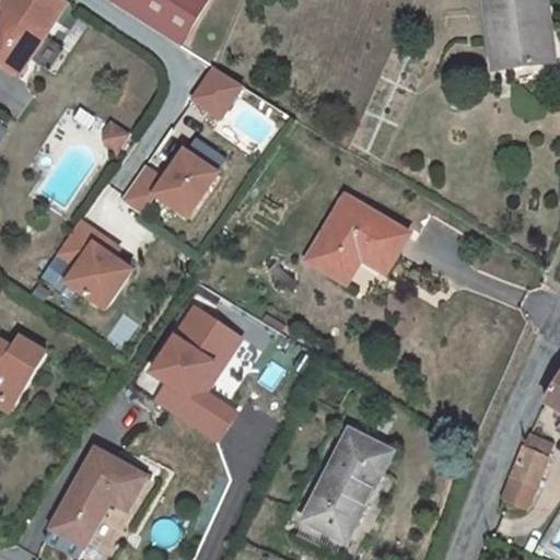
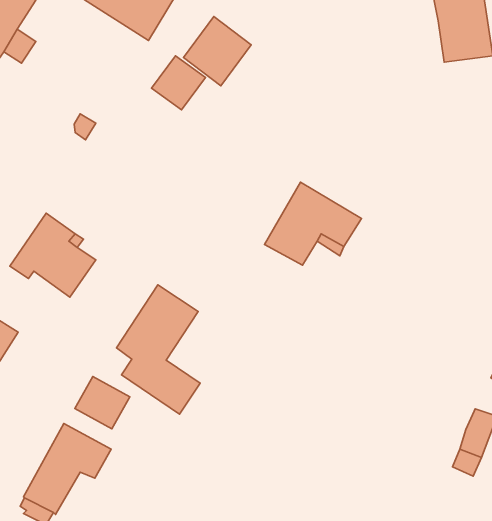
building: none -> [184,16,251,86]
building: [120,150,218,214] -> none
building: none -> [75,377,130,429]
building: [303,430,390,542] -> none

